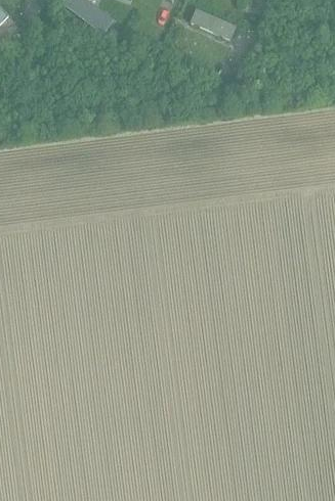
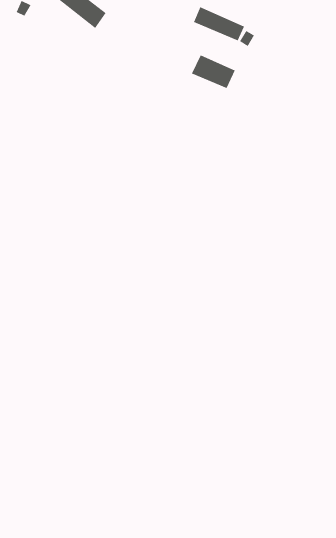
building: none -> [191,54,235,89]

